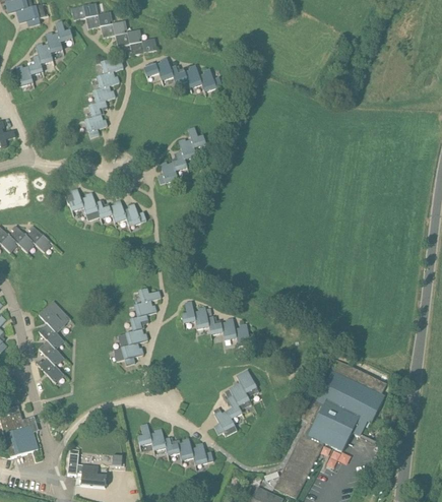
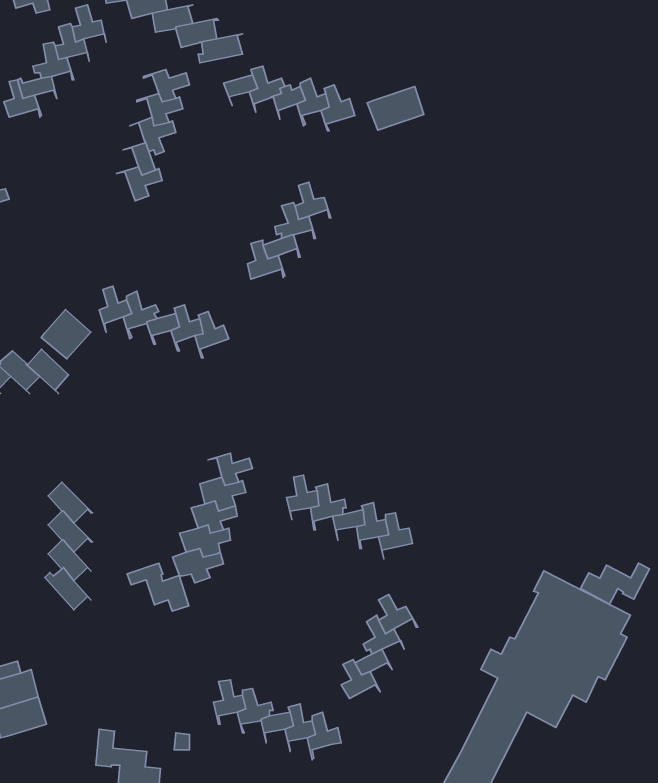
building: none -> [367,87,424,130]
building: none -> [41,309,91,359]
building: none -> [127,563,189,611]
building: none -> [580,563,649,604]

